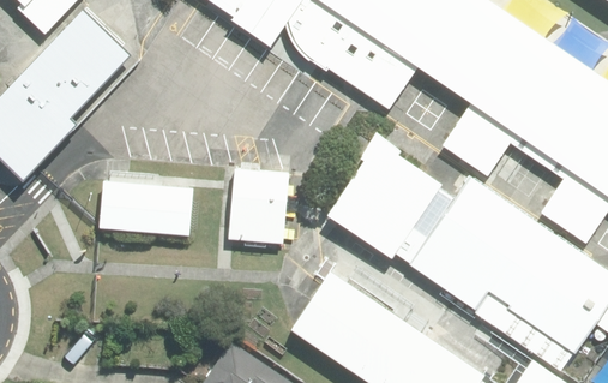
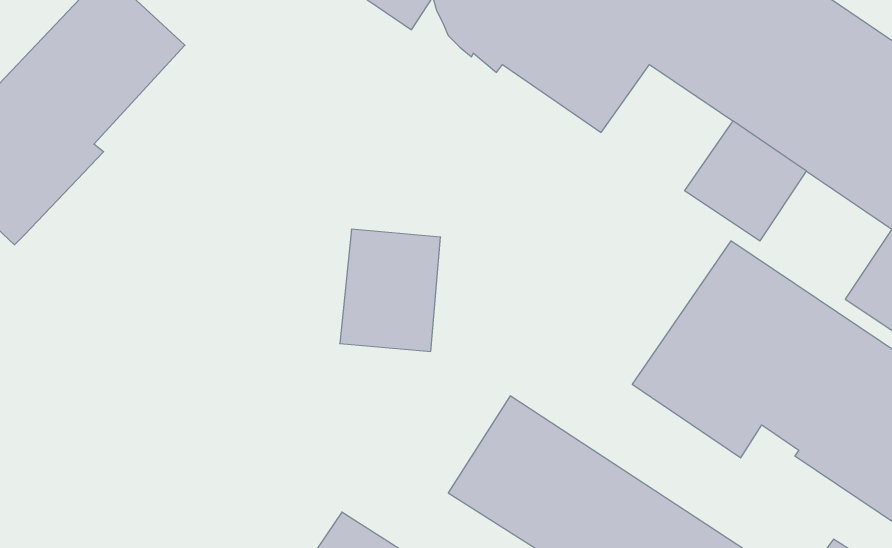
building: [327,139,443,257] -> none
building: [97,180,194,237] -> none

